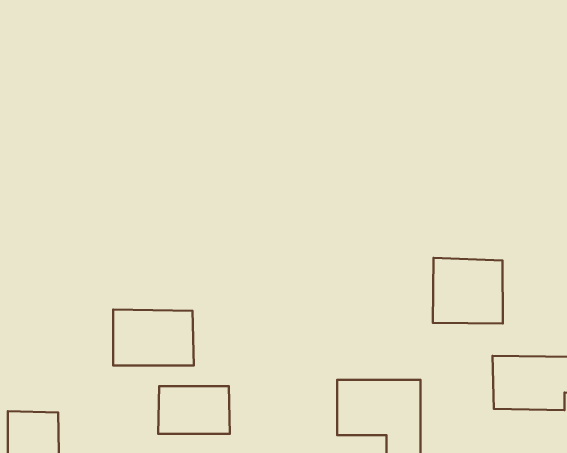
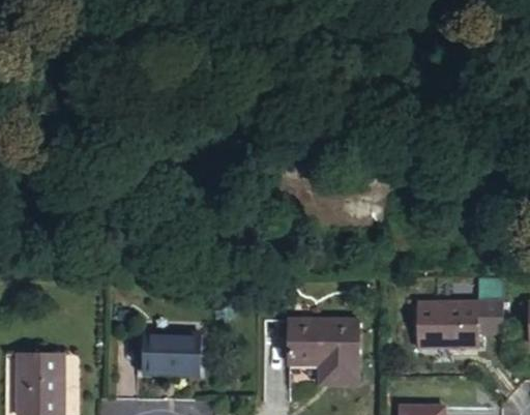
building: [433,258,503,324] -> none
building: [113,309,194,365] -> none

